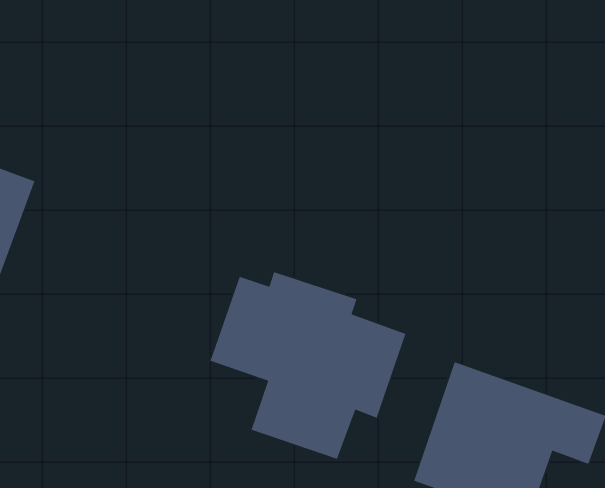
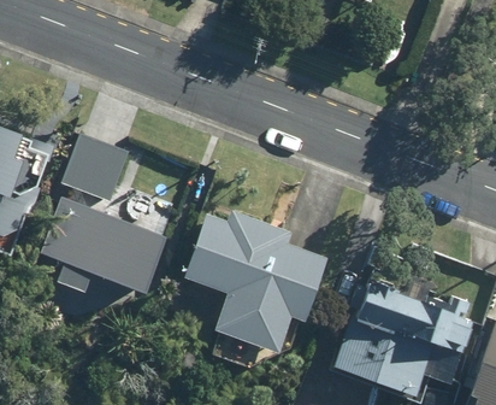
building: none -> [60,137,129,206]
building: none -> [41,200,167,294]

